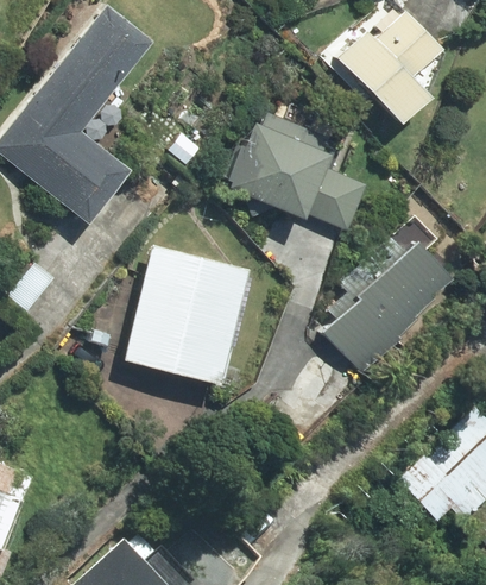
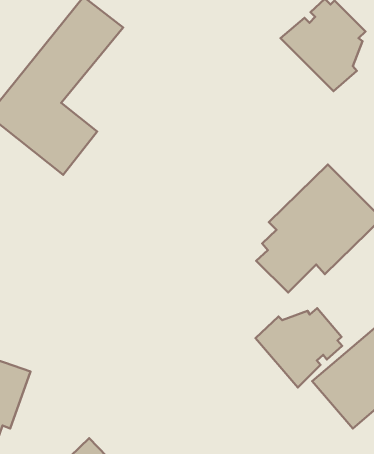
building: [221,109,365,231] -> none
building: [122,244,240,385] -> none
building: none -> [256,308,342,387]

